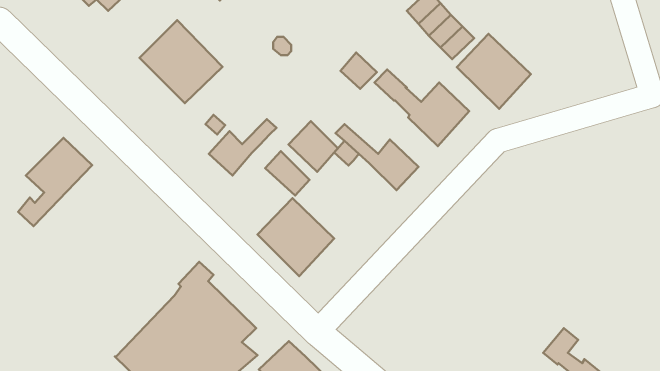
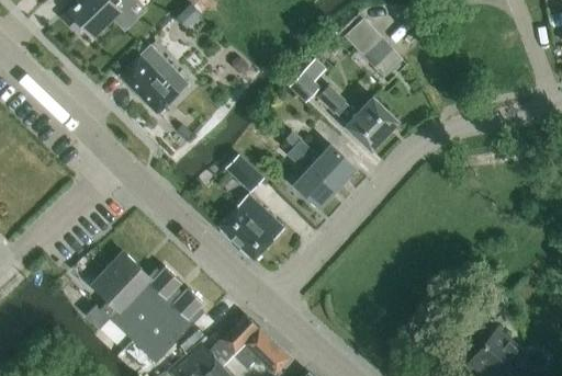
building: [457,34,531,109] -> none
building: [209,119,276,176] -> none
building: [289,121,338,172] -> [295,164,337,207]
building: [18,138,92,226] -> [87,253,149,328]

